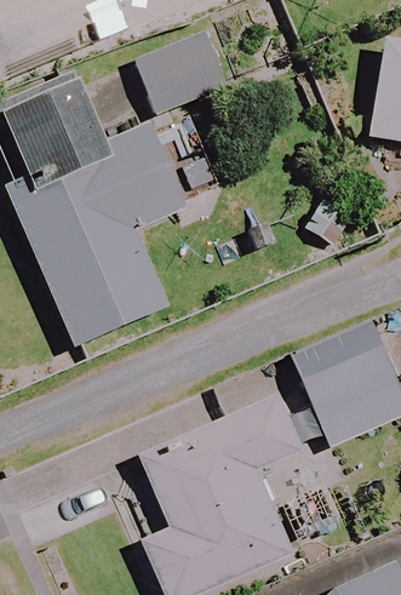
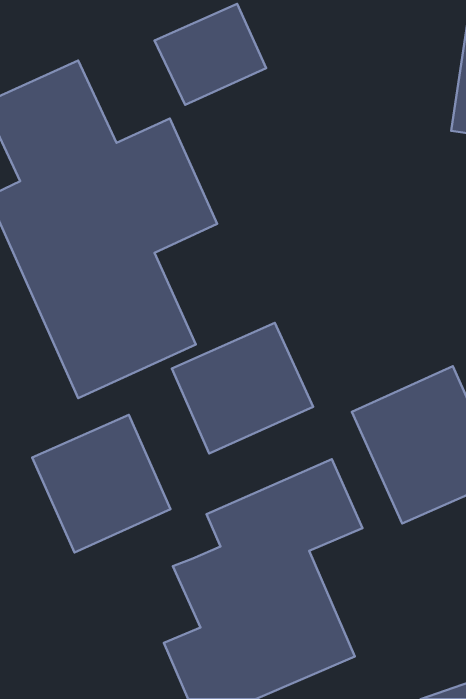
building: none -> [172,323,313,454]
building: none -> [32,415,170,552]

